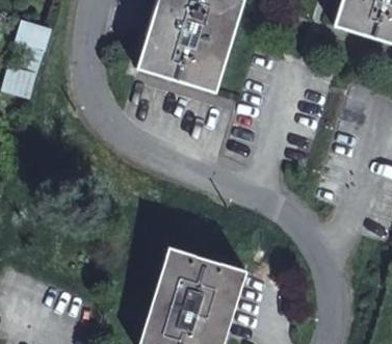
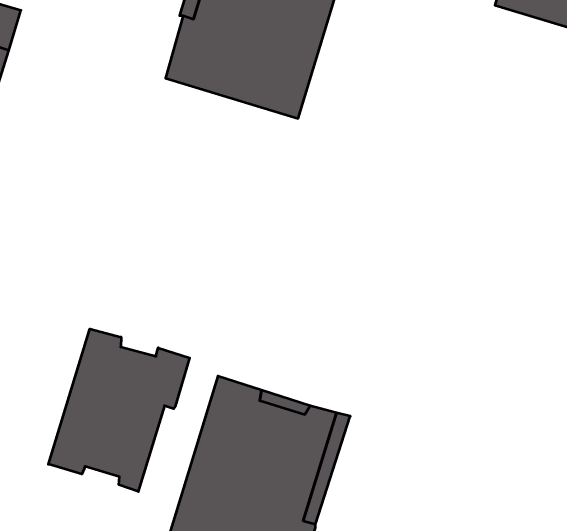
building: none -> [48,329,190,492]

